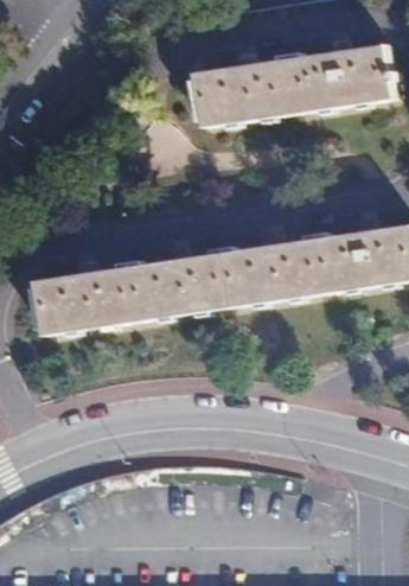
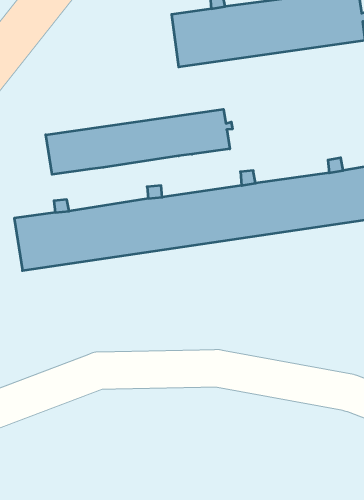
building: none -> [46,109,232,174]

